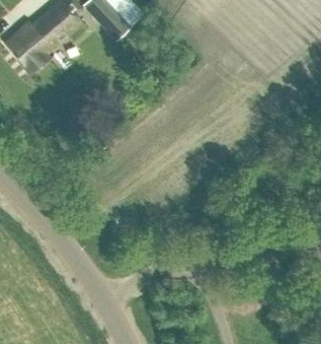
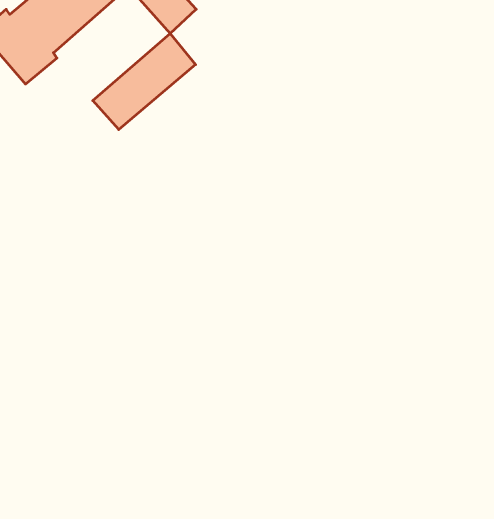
building: none -> [93,34,196,130]

